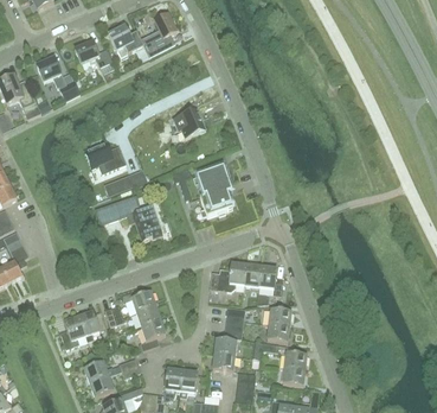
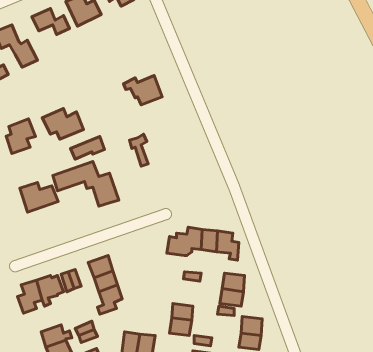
building: none -> [6,119,35,154]
building: [195,163,232,215] -> none
building: none -> [20,182,58,212]

